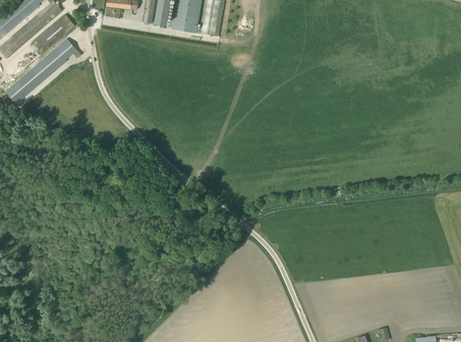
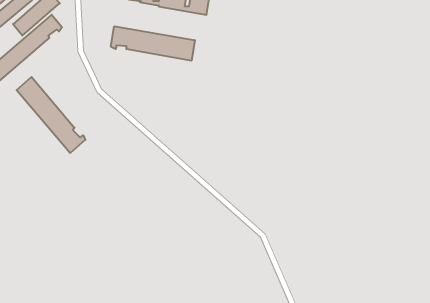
building: none -> [111,26,195,61]
building: none -> [17,77,85,153]

